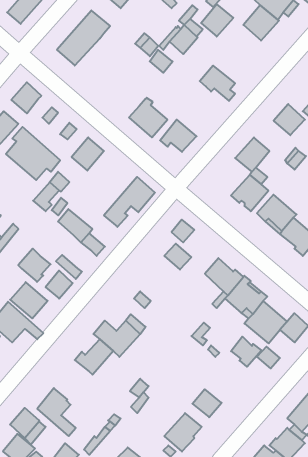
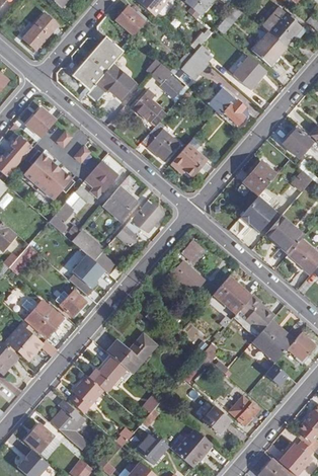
building: [201,4,233,37] -> [234,57,265,88]
building: none -> [86,64,136,102]
building: none -> [134,88,167,123]
building: none -> [103,185,137,220]
building: [18,249,51,282] -> [73,255,104,288]
building: [231,337,261,367] -> [231,395,260,424]
building: none -> [69,374,102,411]
building: none -> [137,432,170,466]

